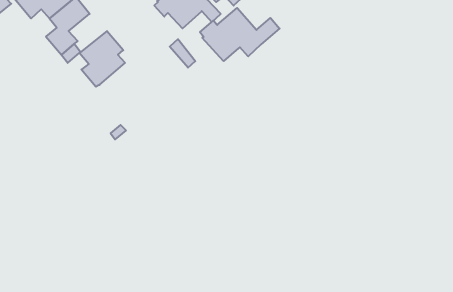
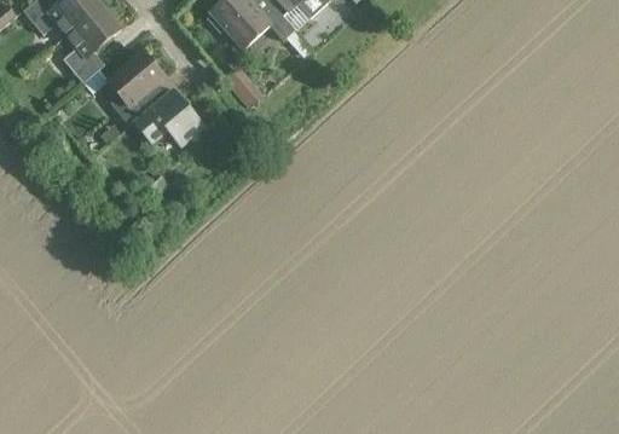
building: [200,8,280,61] -> none
building: none -> [133,88,204,146]

